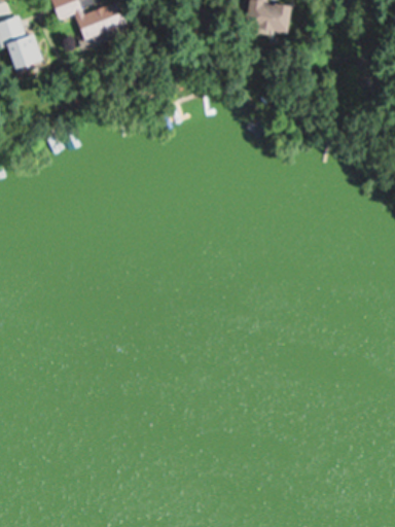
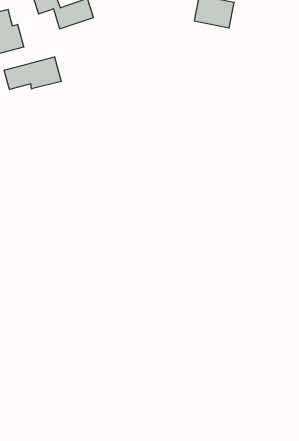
building: none -> [4,57,61,89]

